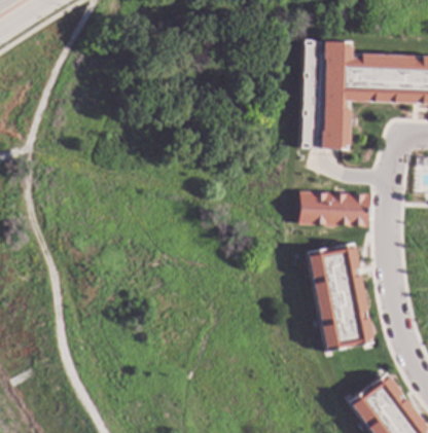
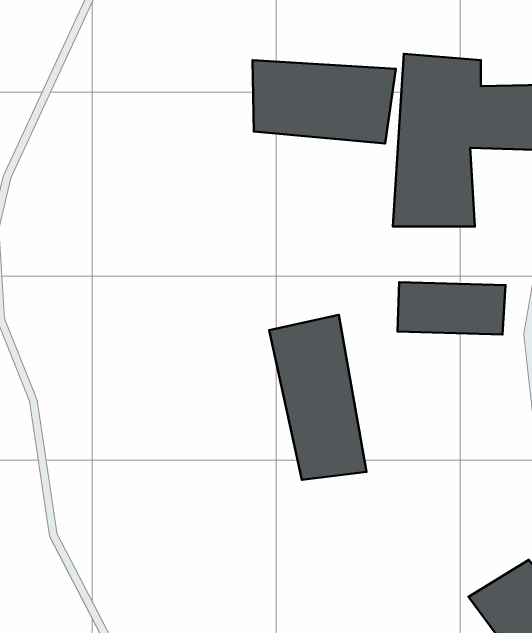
building: none -> [253,60,396,143]
building: [307,241,371,351] -> [269,315,367,480]

